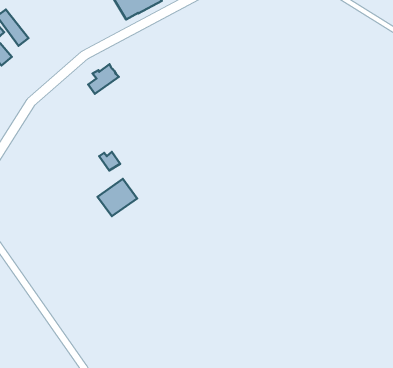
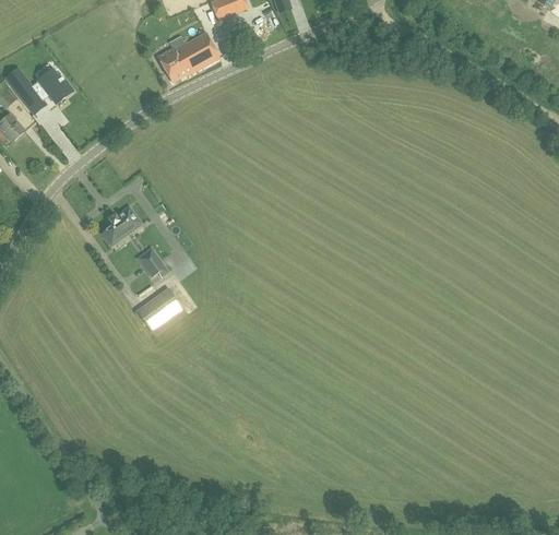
building: none -> [39,71,73,106]
building: [88,64,119,94] -> [102,206,141,245]

